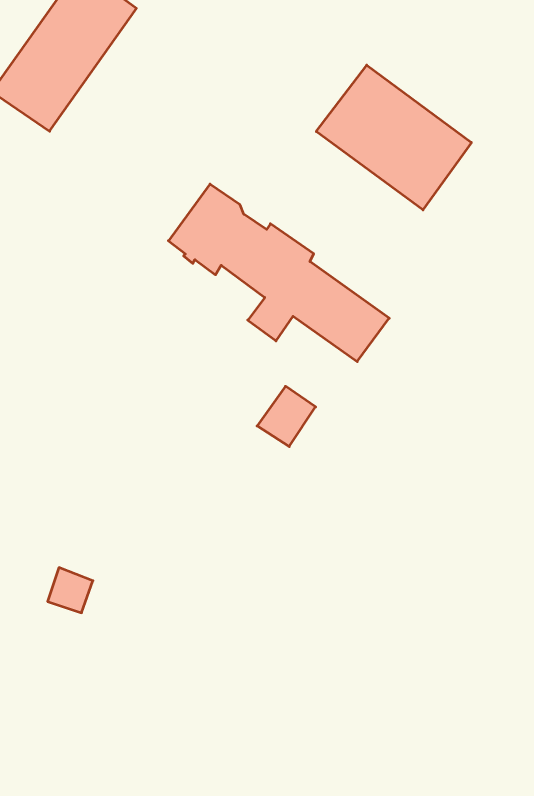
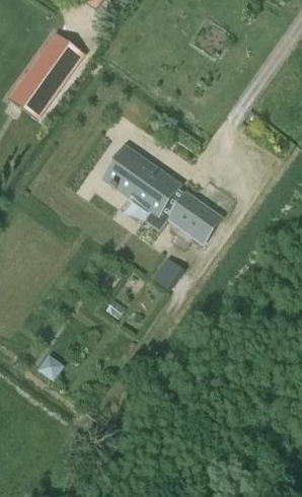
building: [316,65,471,210] -> none

